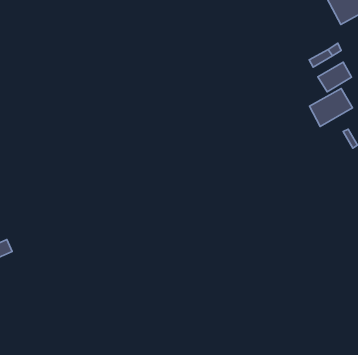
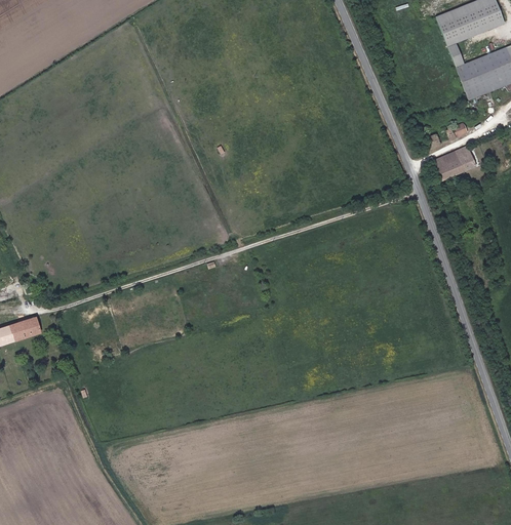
building: [309,89,353,127] -> none

